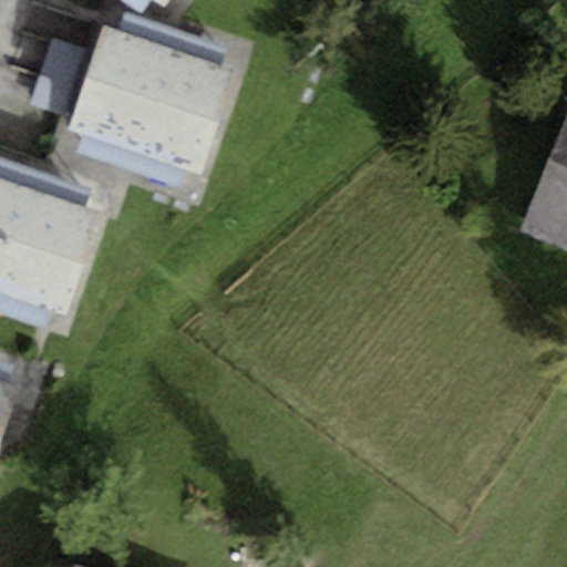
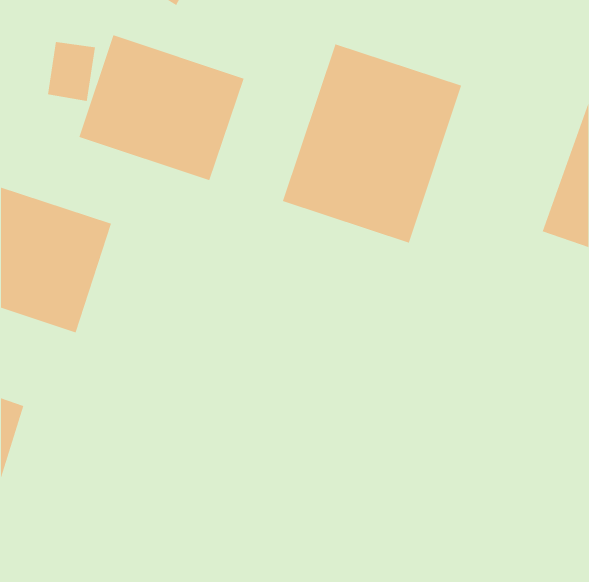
building: none -> [282,43,462,243]

